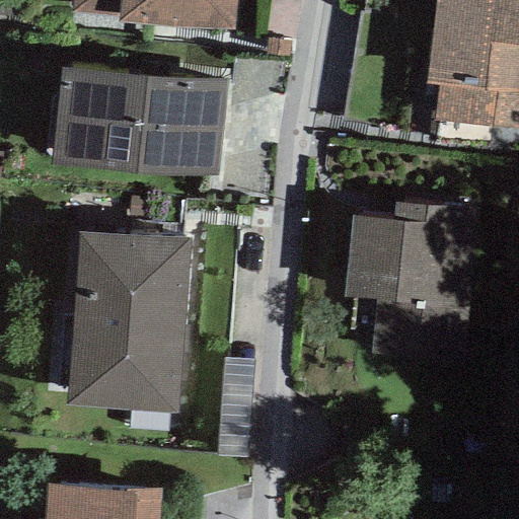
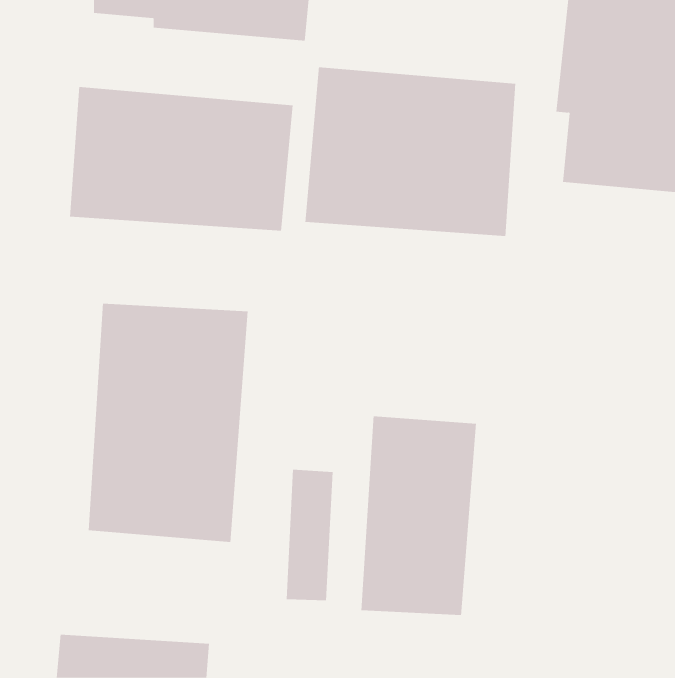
building: none -> [305,67,516,237]
building: [346,200,466,373] -> none
building: none -> [361,415,476,616]

